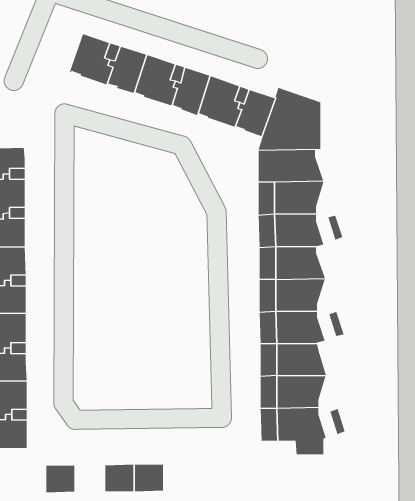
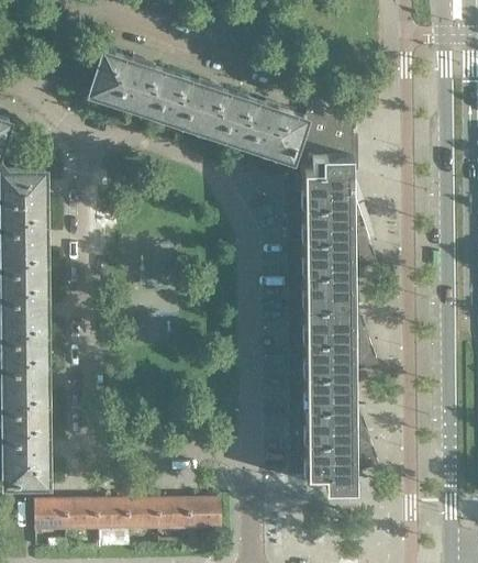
building: none -> [191,501,223,529]
building: none -> [36,503,68,531]
building: none -> [99,503,130,530]

